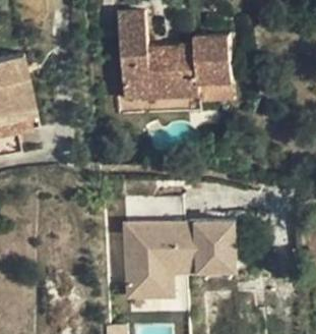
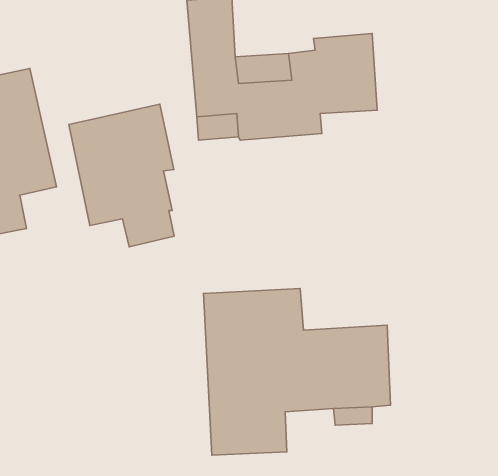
building: none -> [69,104,174,247]

